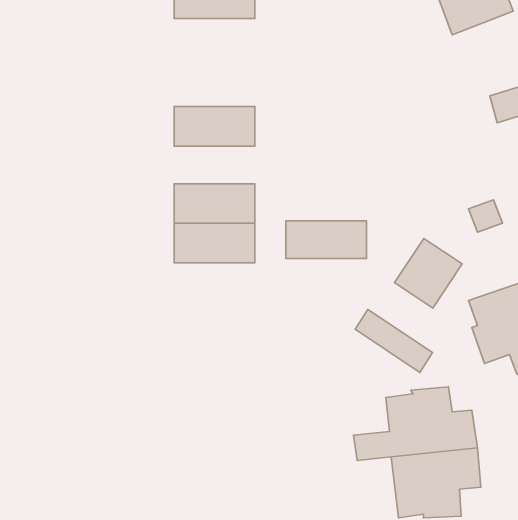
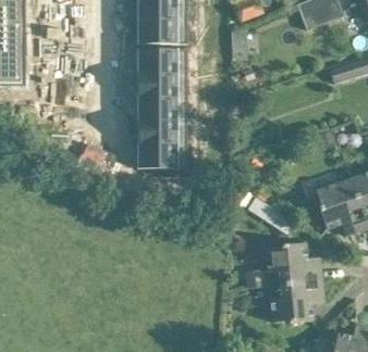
building: none -> [137,20,186,43]
building: none -> [137,49,186,73]
building: [286,221,367,259] -> [137,97,186,120]
building: [394,239,462,308] -> none

